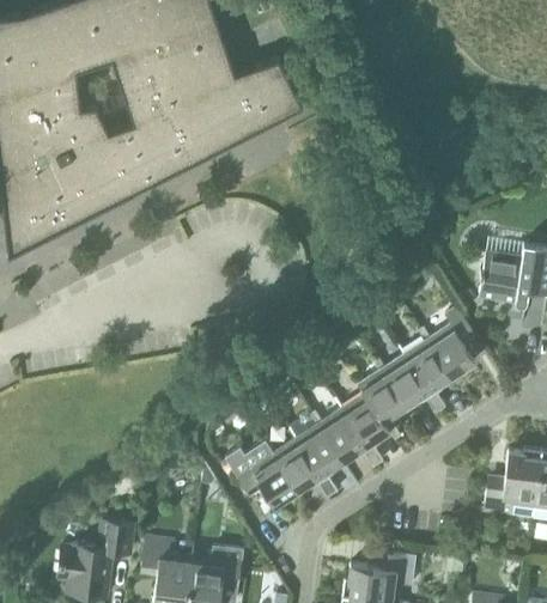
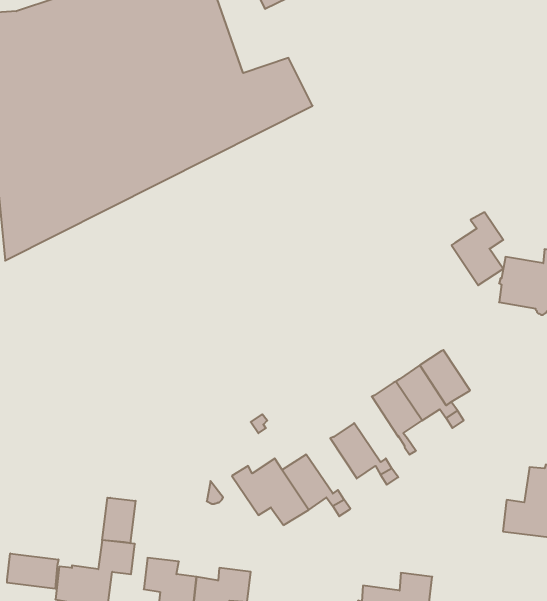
building: [427,307,476,377] -> [452,212,503,285]
building: [342,383,390,445] -> none
building: [297,422,345,475] -> none
building: none -> [102,498,136,543]
building: none -> [7,553,58,589]

